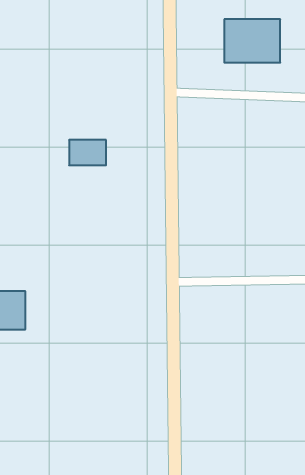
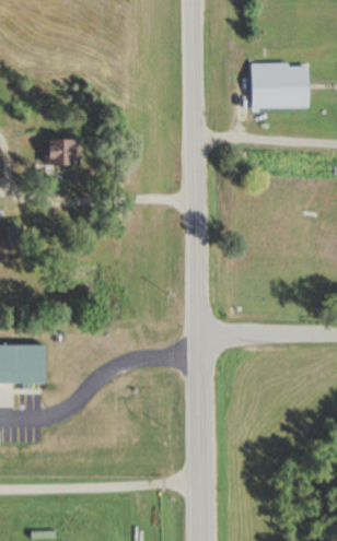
building: [69,140,106,165] -> [43,139,81,165]

